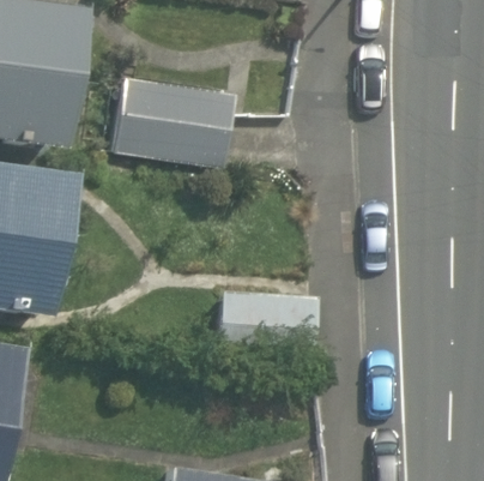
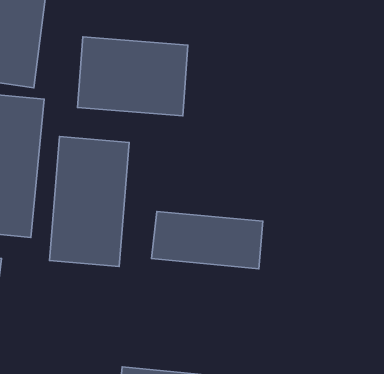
building: none -> [50,136,129,267]

